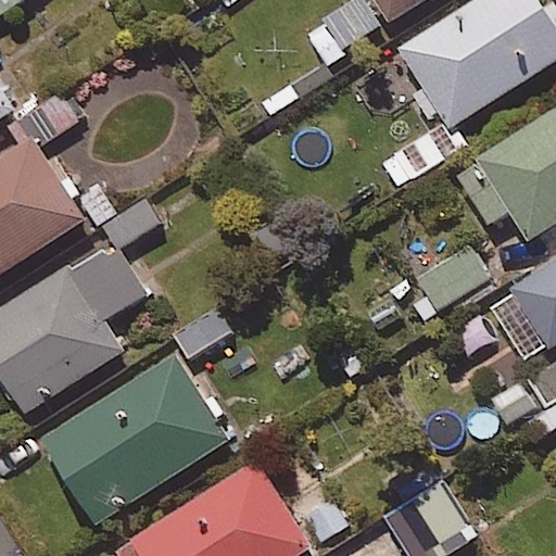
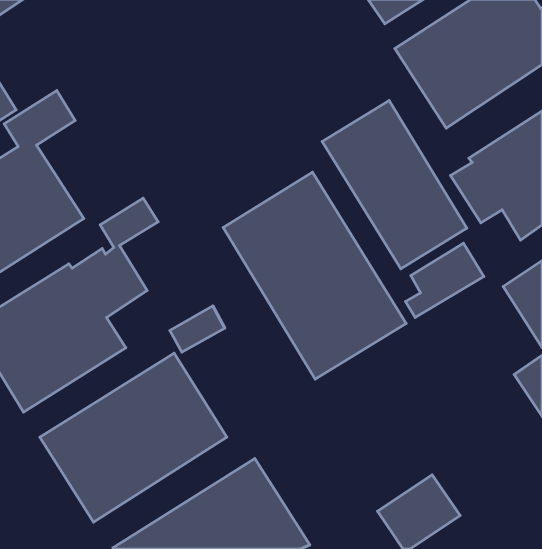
building: none -> [322,101,467,269]
building: none -> [223,172,406,379]

